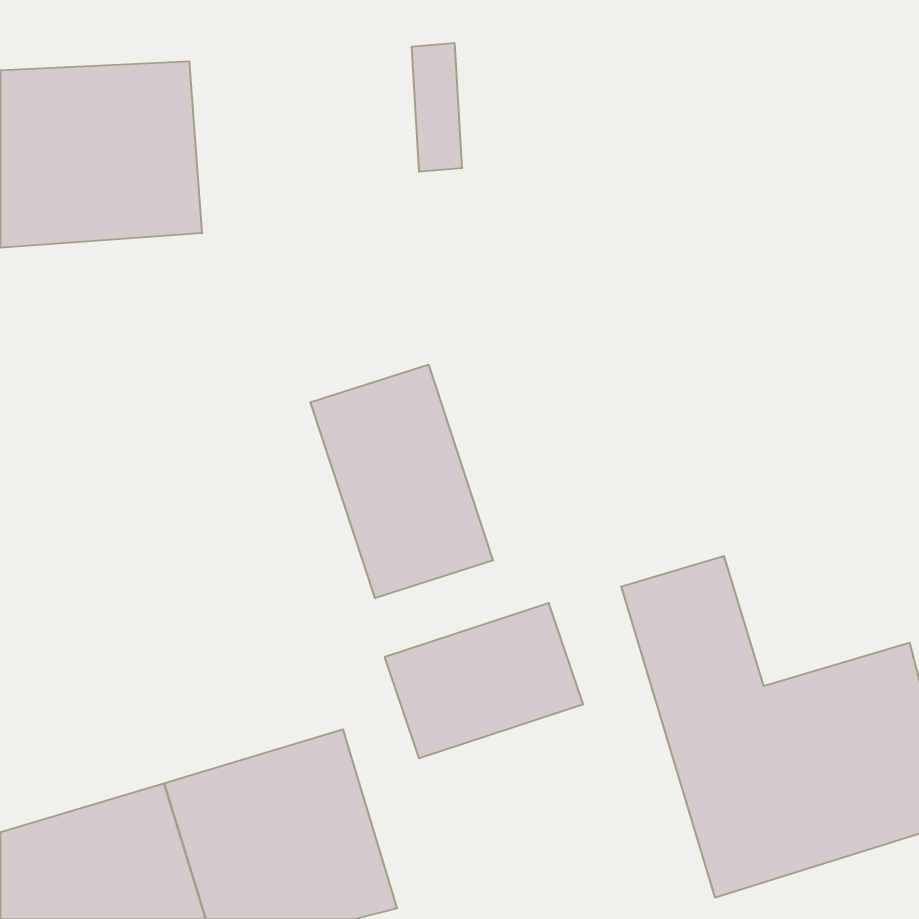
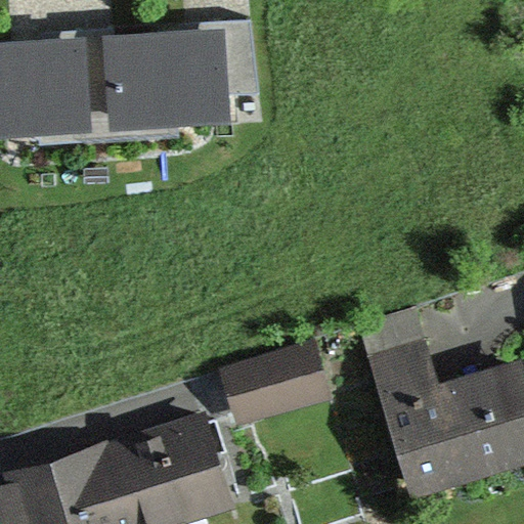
building: none -> [110,26,239,132]
building: [310,365,493,598] -> none

